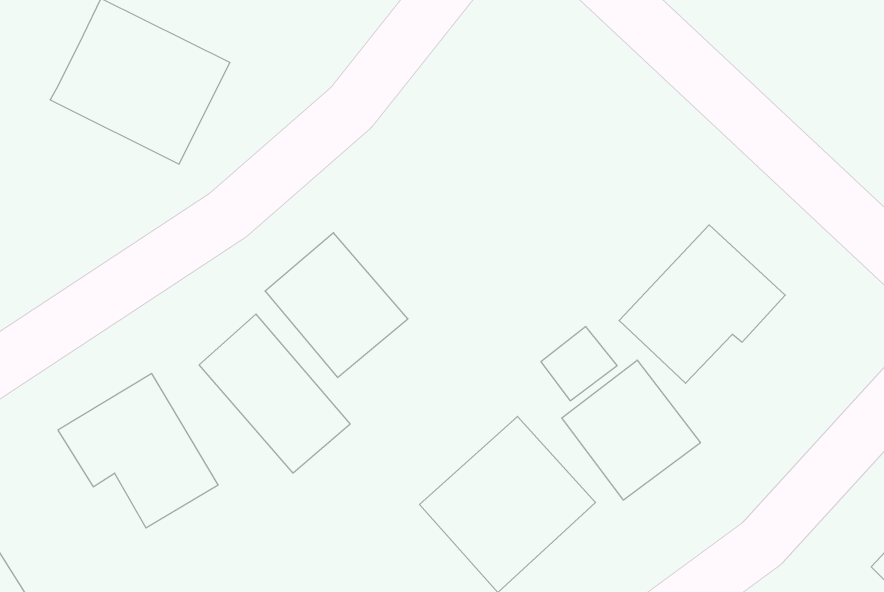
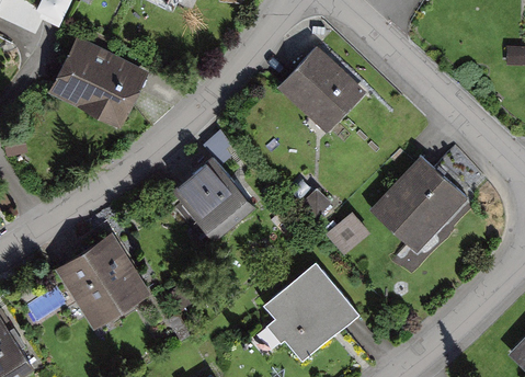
building: none -> [278,47,362,129]
building: [199,314,350,473] -> none
building: [562,360,700,500] -> none

